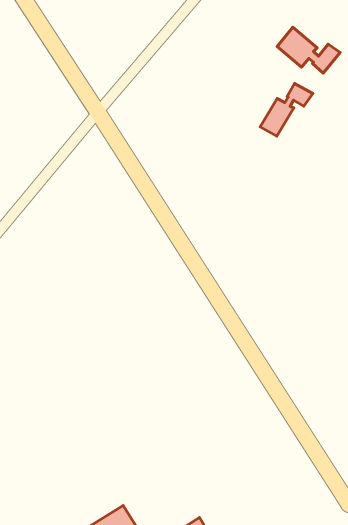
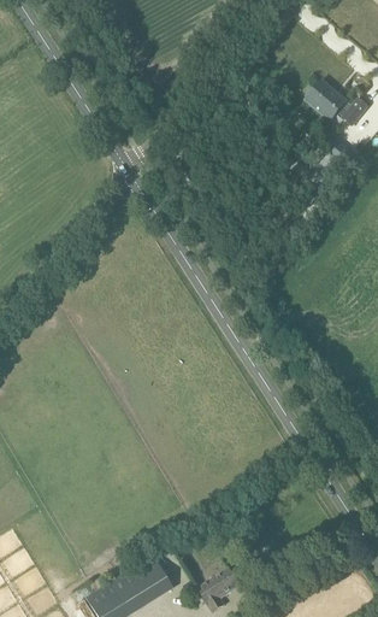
building: [260,83,313,136] -> none

